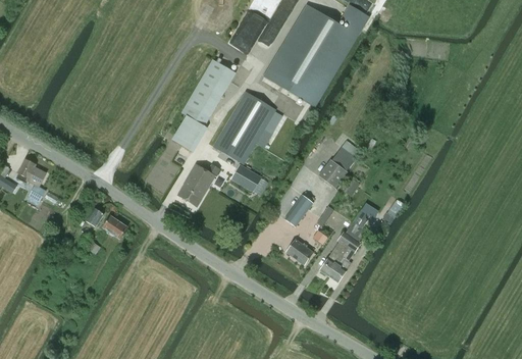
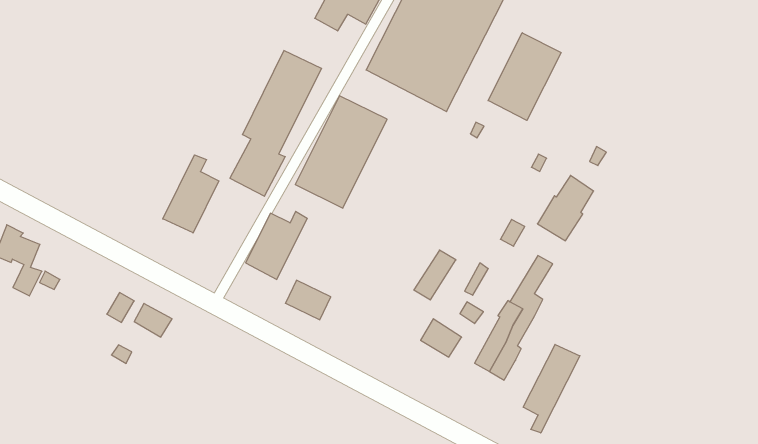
building: none -> [488,33,561,120]
building: none -> [163,155,219,233]
building: [318,146,356,188] -> [537,175,594,241]
building: [231,164,261,191] -> [285,280,331,320]
building: none -> [523,344,580,433]

